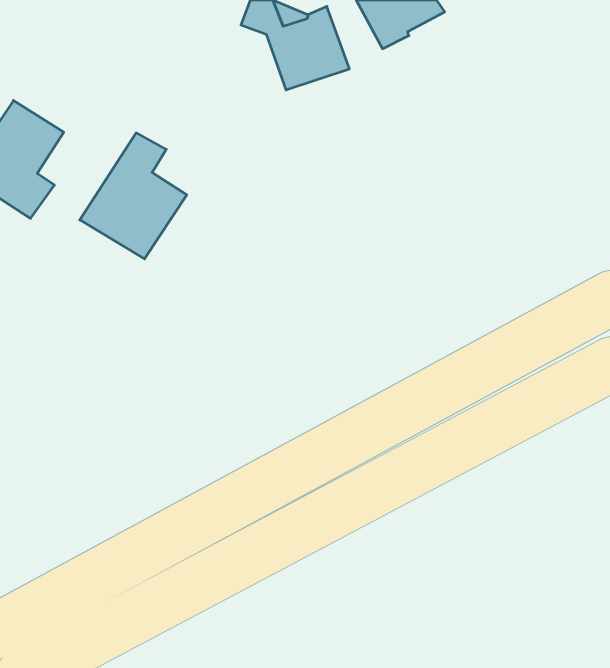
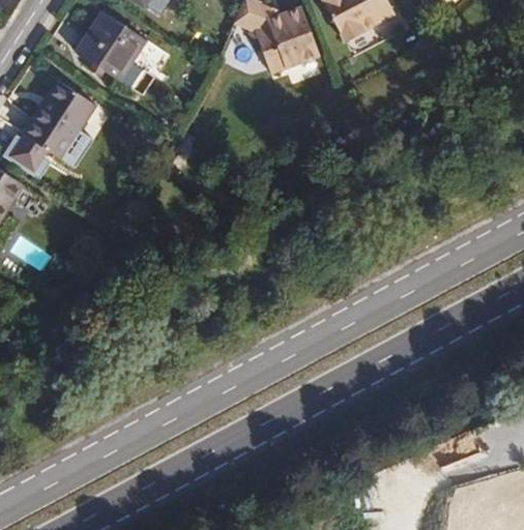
building: none -> [71,11,144,82]
building: [80,133,187,259] -> none

